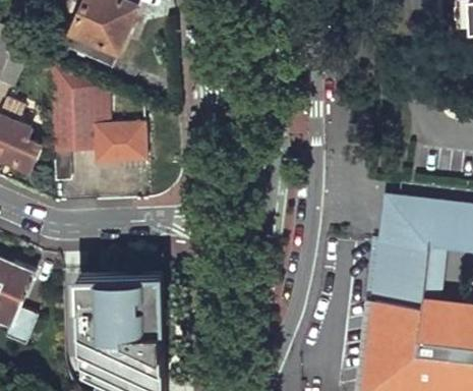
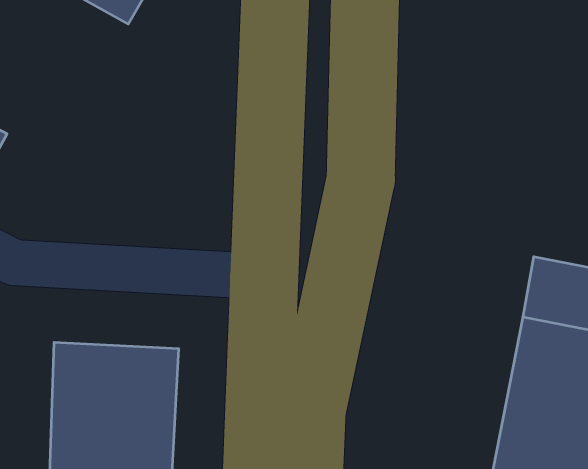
building: [51,62,147,179] -> none

